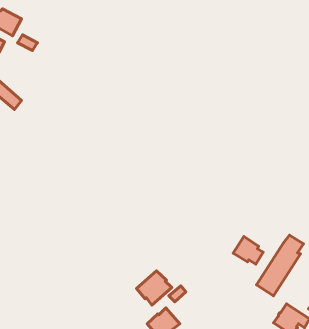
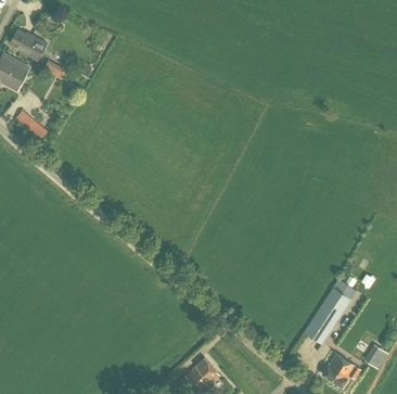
building: [233,237,263,264] -> none
building: [137,271,172,305] -> none

